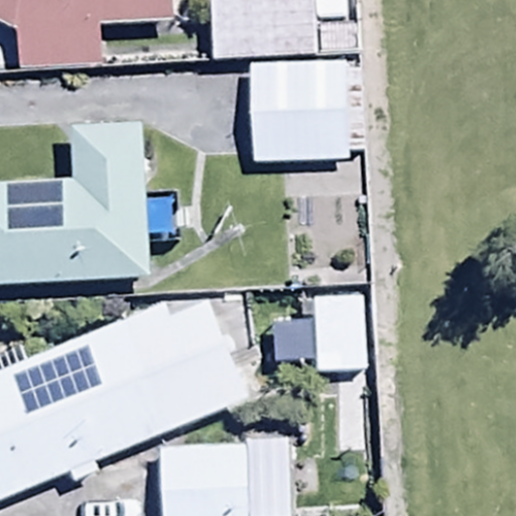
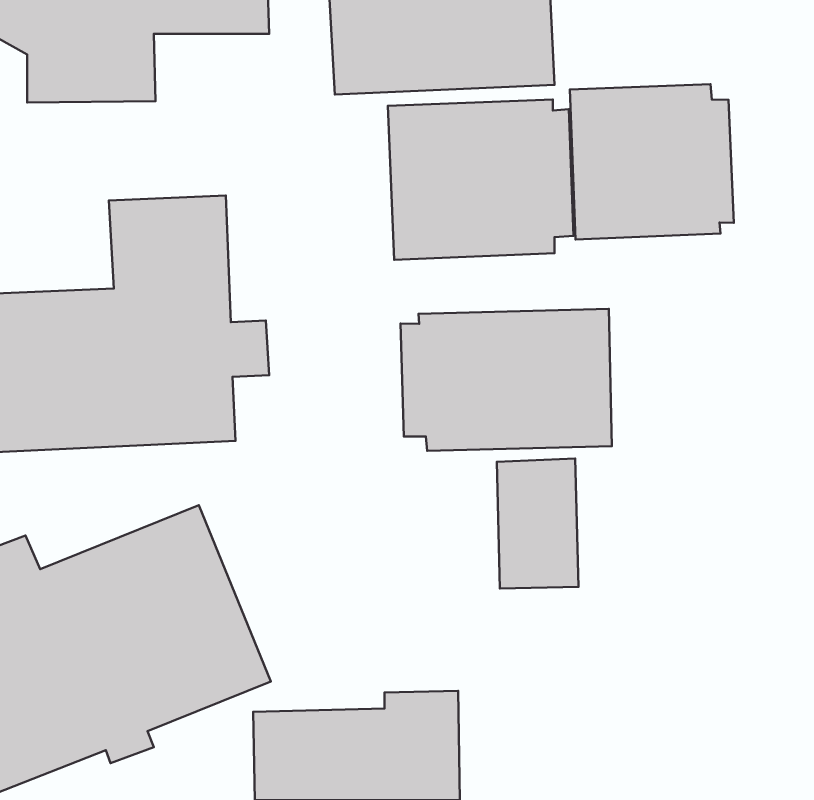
building: none -> [570,84,734,239]
building: none -> [401,309,612,451]

